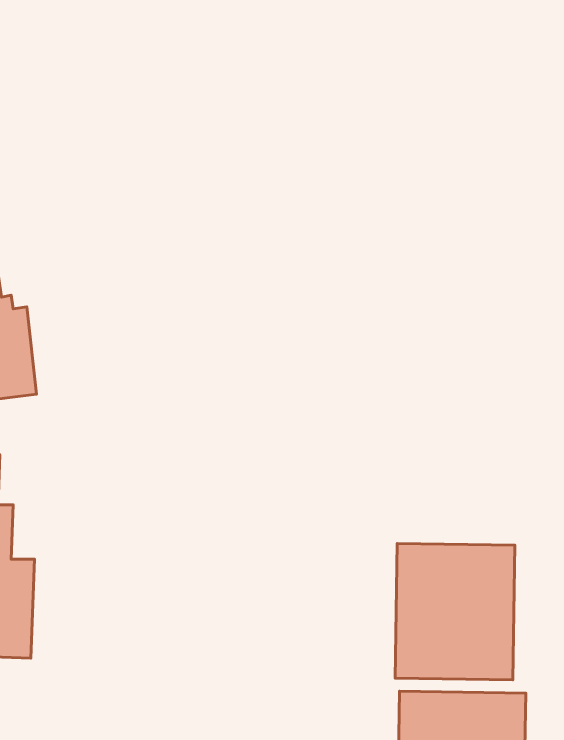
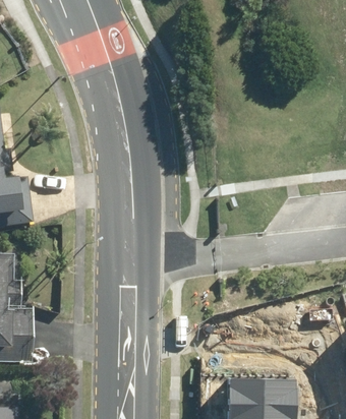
building: [395,543,515,680] -> none

